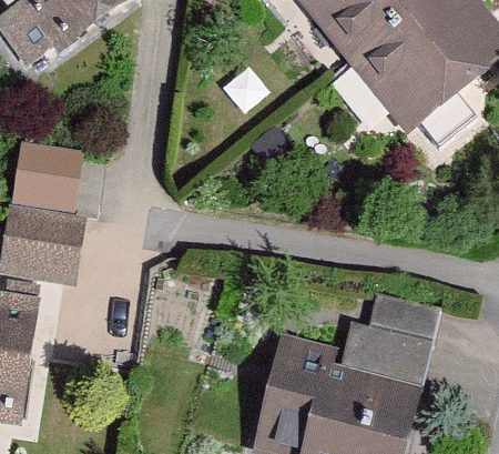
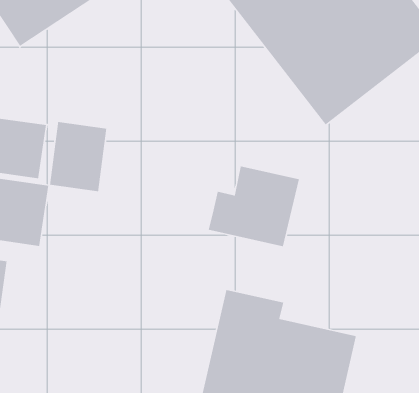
building: none -> [49,121,107,192]
building: [339,290,440,380] -> [208,166,300,247]

